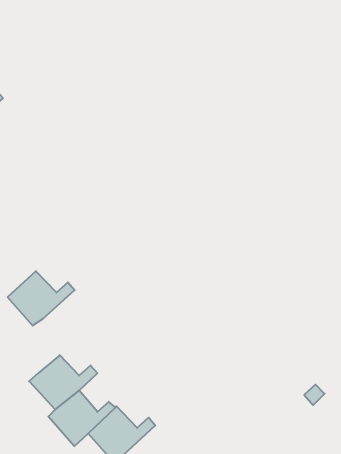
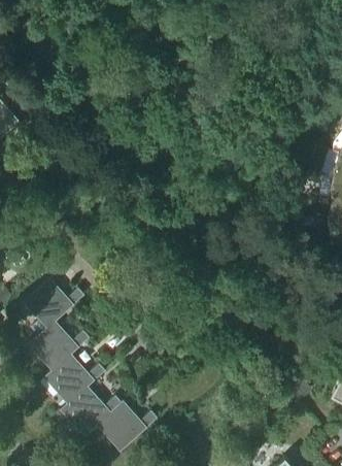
building: none -> [30,325,91,374]

